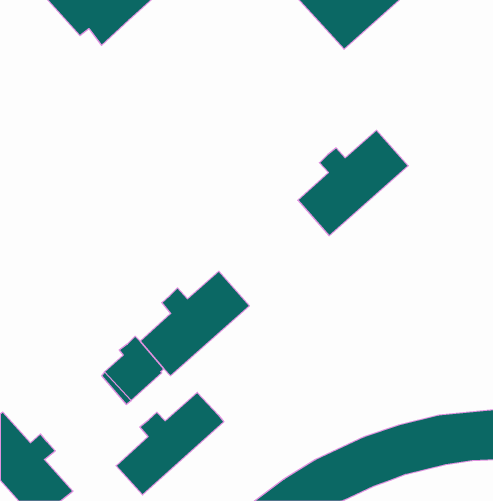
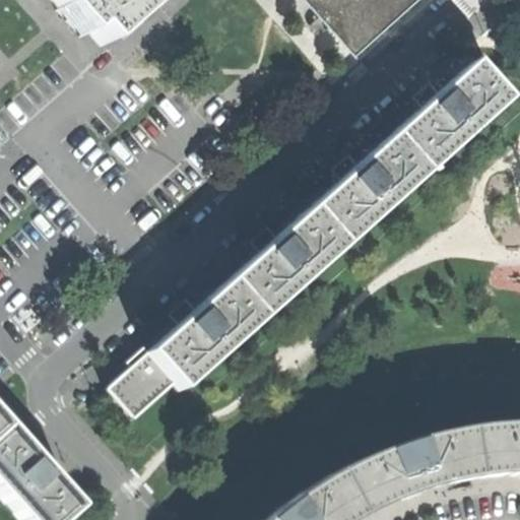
building: none -> [399,62,513,171]
building: none -> [237,206,350,315]
building: [116,392,224,495] -> none

